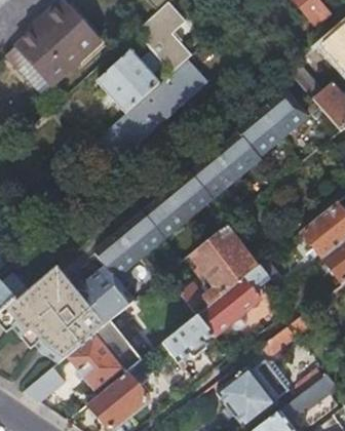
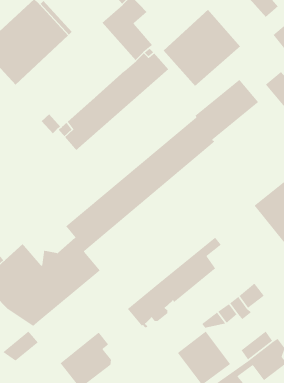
building: none -> [163,9,241,87]
building: [98,49,159,112] -> none
building: [180,225,258,314] -> none
building: [67,322,123,390] -> none

